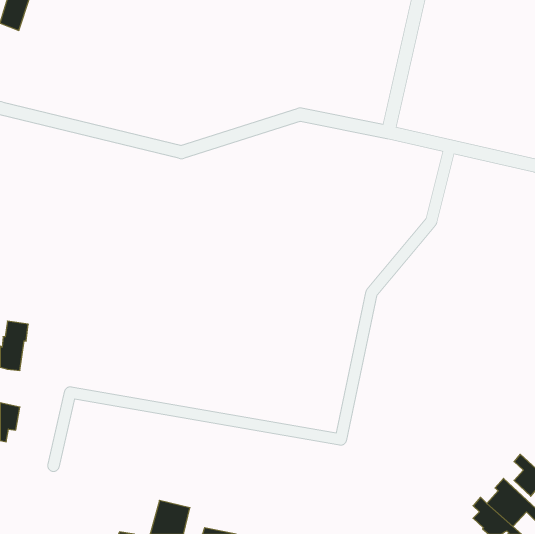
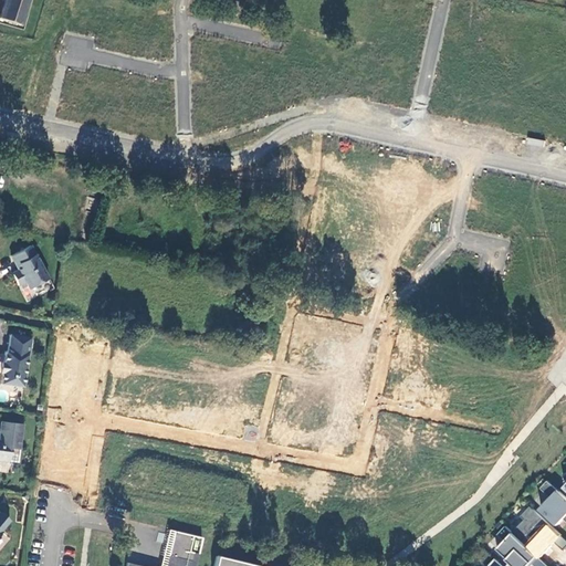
building: none -> [10,248,49,293]

